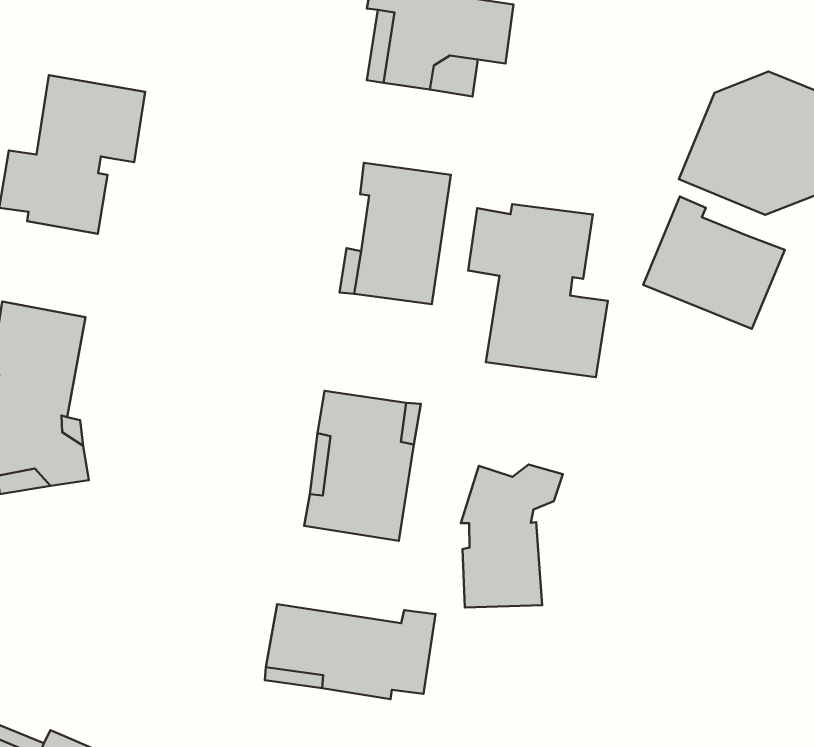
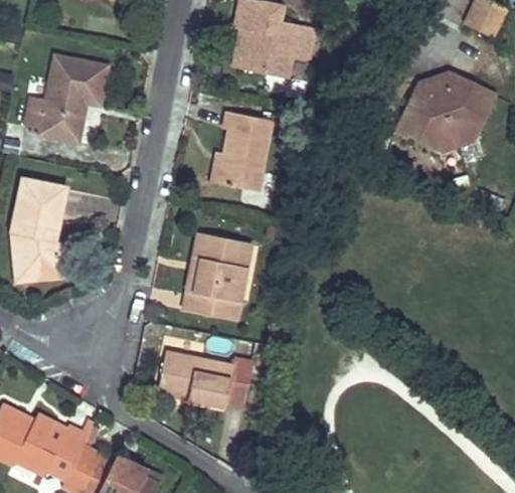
building: [643,197,785,329] -> none
building: [468,204,608,377] -> none
building: [461,465,563,607] -> none

